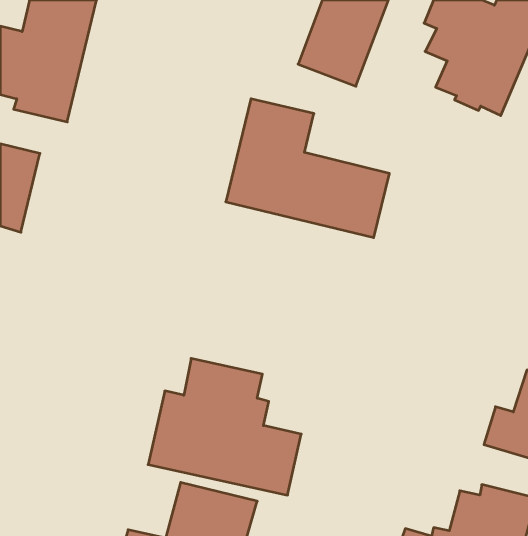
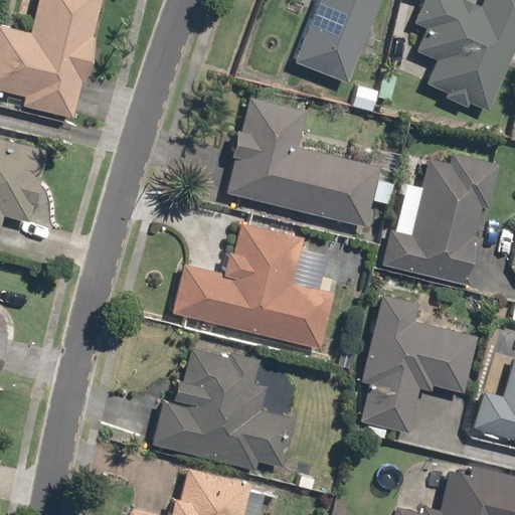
building: none -> [380,152,500,288]
building: none -> [170,222,336,349]
building: none -> [357,296,477,434]

